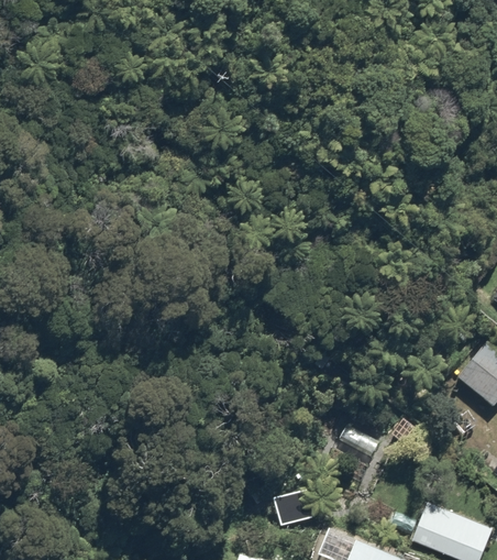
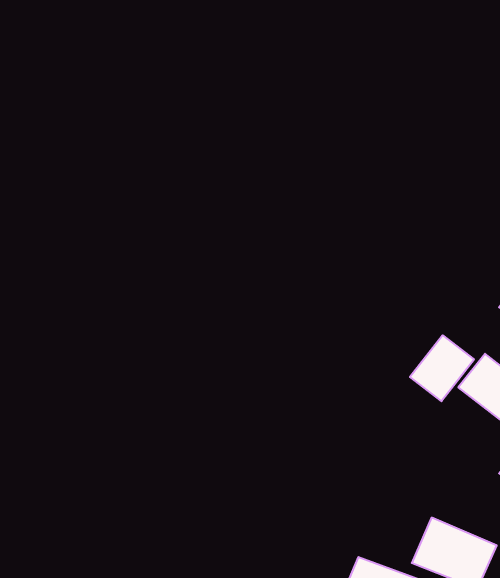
building: none -> [410,335,474,401]

